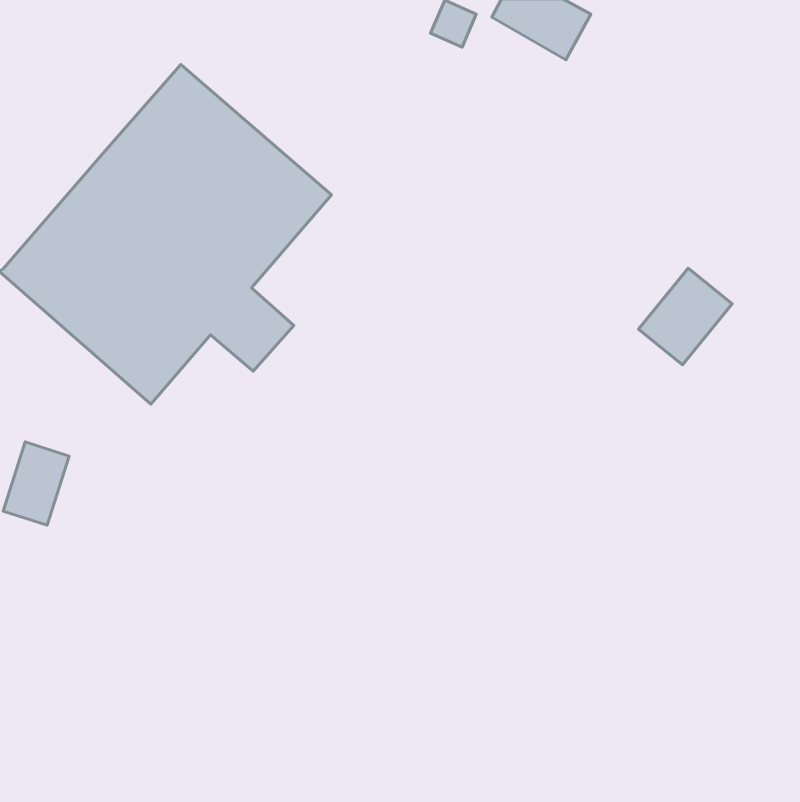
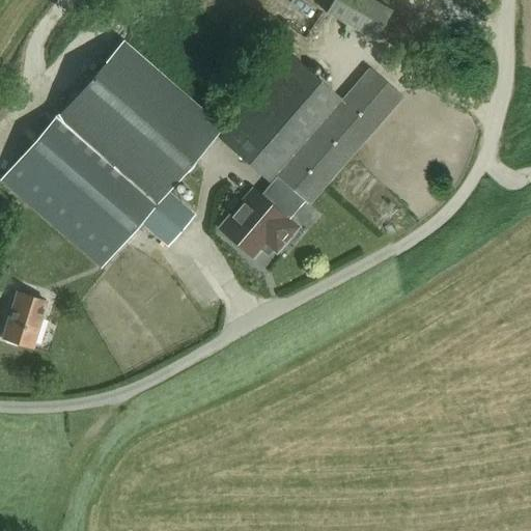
building: none -> [220,55,403,256]
building: [639,268,732,365] -> none

